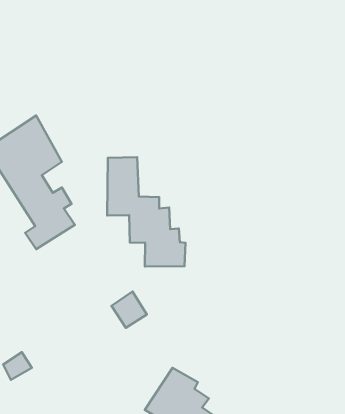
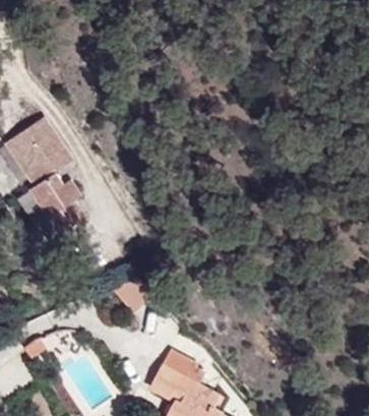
building: [107,157,186,266] -> none

